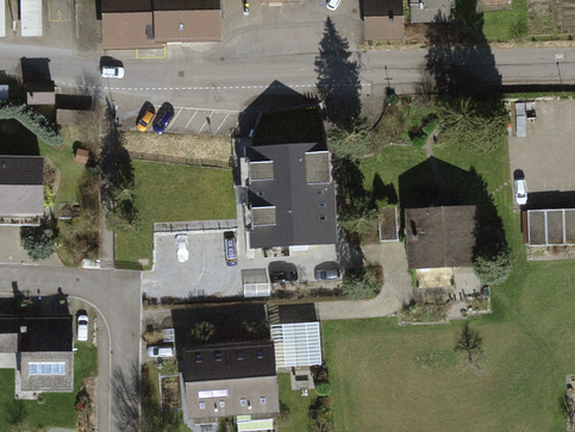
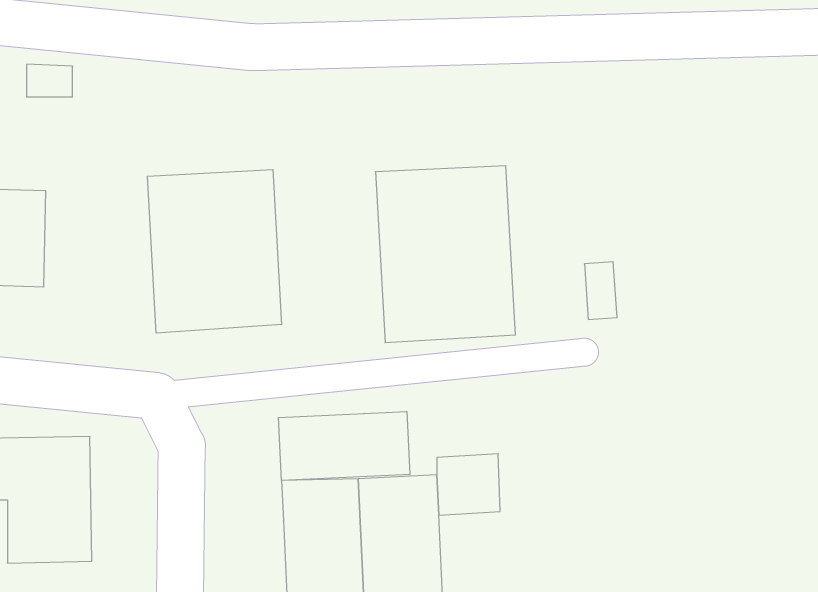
building: none -> [147,170,282,333]
building: [405,201,485,286] -> none
building: none -> [279,411,410,481]

